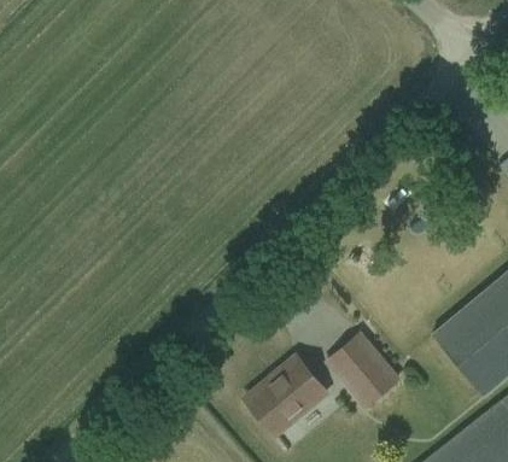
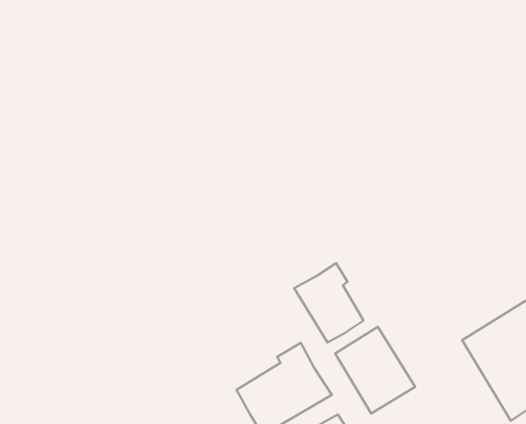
building: none -> [294,263,364,343]

